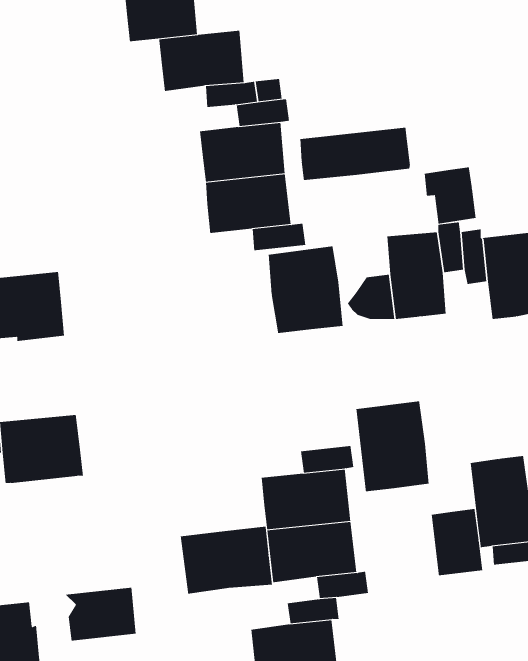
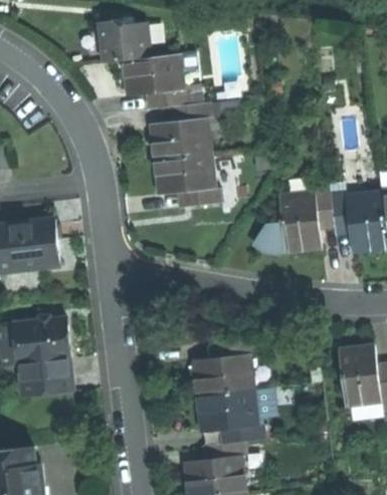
building: [300,127,410,181] -> none
building: [424,167,476,225] -> none
building: [268,245,343,334] -> none
building: [356,401,429,492] -> none
building: [431,508,483,576] -> none
building: [180,526,272,595] -> none
building: [65,587,137,641] -> [21,360,70,398]

